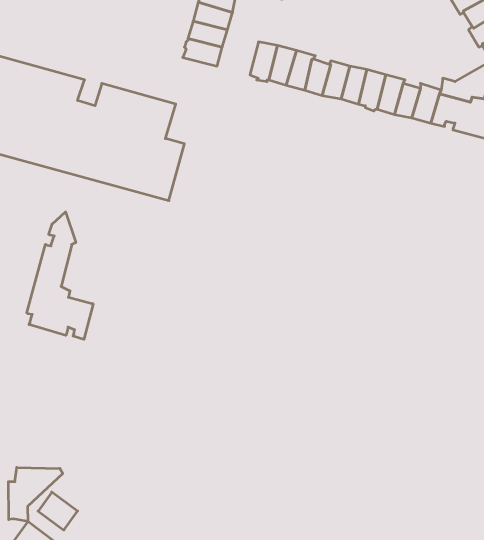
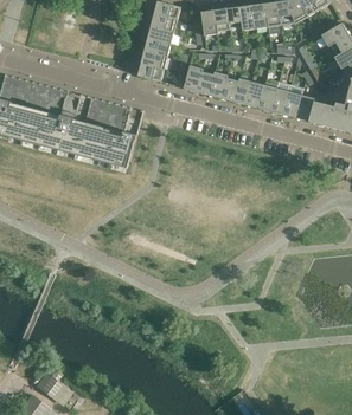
building: [27,212,93,339] -> none
building: [8,467,63,521] -> none

